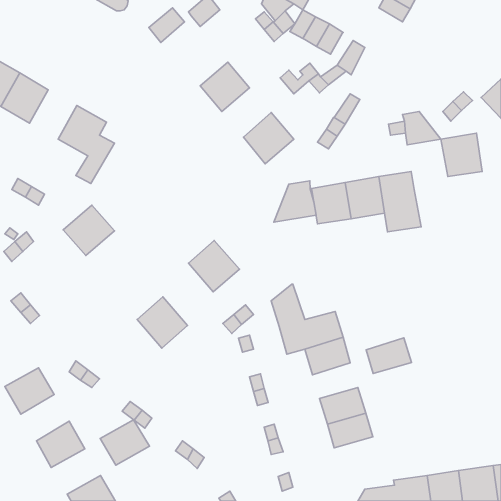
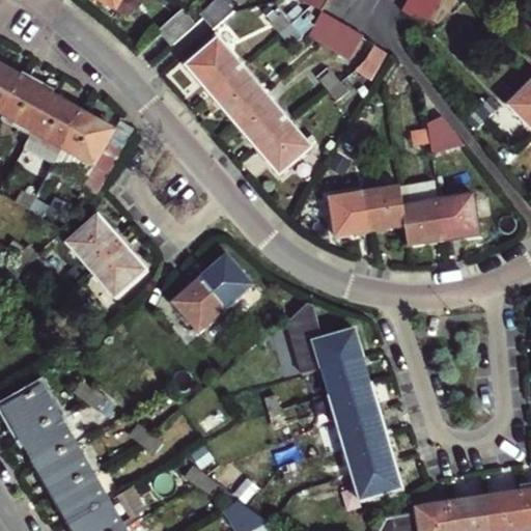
building: none -> [188,39,240,90]
building: none -> [233,92,285,144]
building: none -> [23,94,81,161]
building: [441,133,482,177] -> [436,193,479,239]
building: [274,181,316,222] -> none
building: none -> [90,243,143,296]
building: [137,297,188,348] -> [171,277,224,331]
building: [366,338,412,373] -> [329,382,376,419]
building: none -> [22,415,73,464]
building: [100,420,149,465] -> [54,472,106,520]
building: none -> [352,459,400,499]

